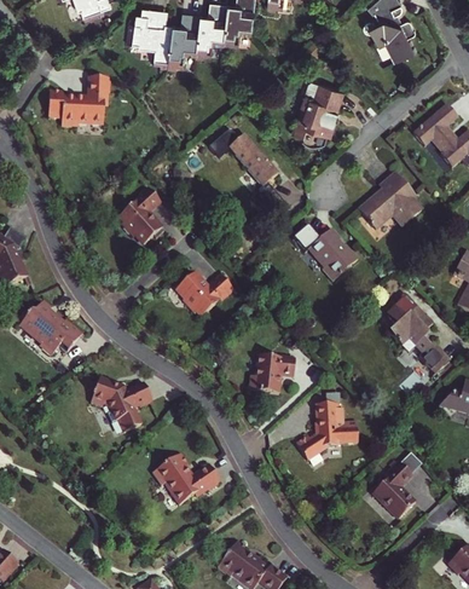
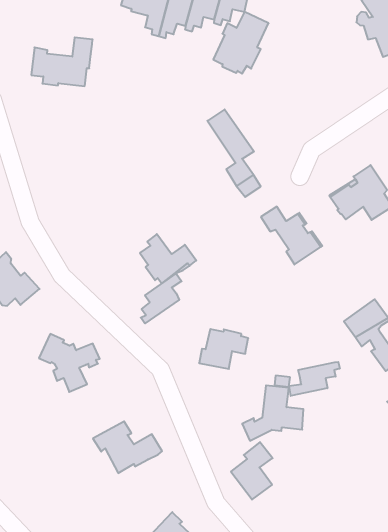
building: [297,80,348,142] -> [213,12,269,74]
building: [114,187,161,244] -> none
building: none -> [141,273,182,323]
building: none -> [289,362,340,396]
building: [372,461,415,519] -> [231,442,273,500]

